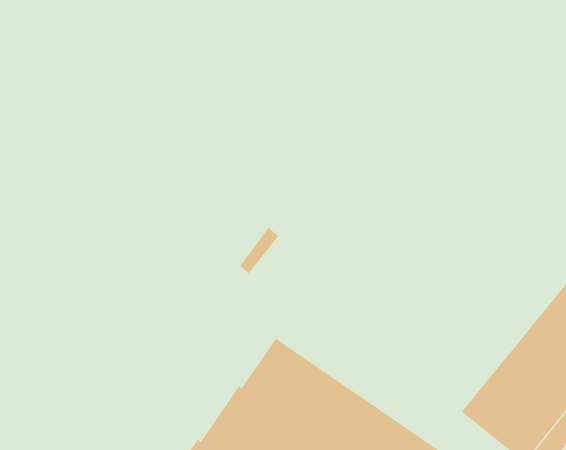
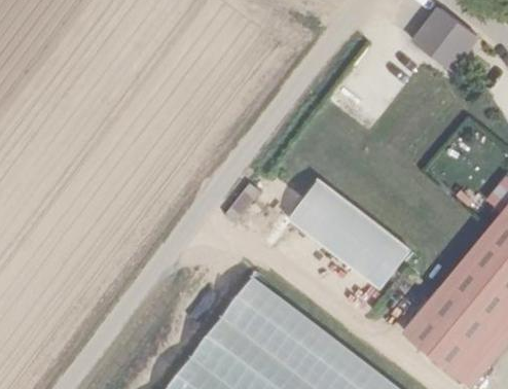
building: none -> [410,8,474,71]
building: none -> [286,182,408,291]

